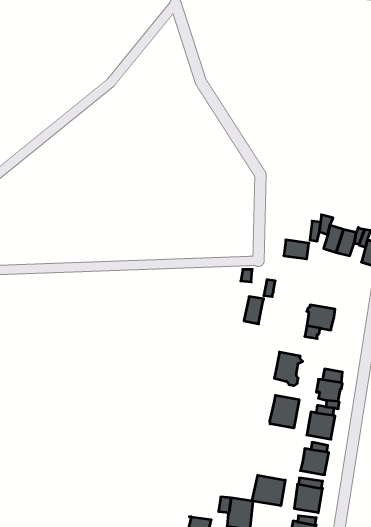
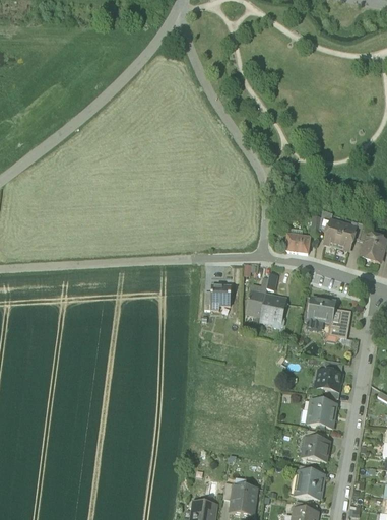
building: none -> [210,285,231,309]
building: none -> [328,308,350,337]
building: [274,352,303,386] -> [260,294,287,326]
building: [270,395,299,428] -> none
building: [252,475,285,506] -> none

